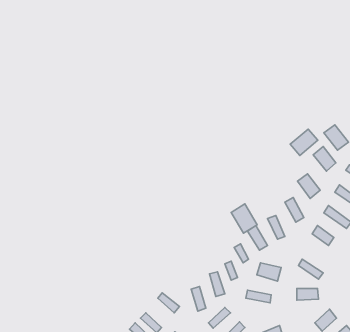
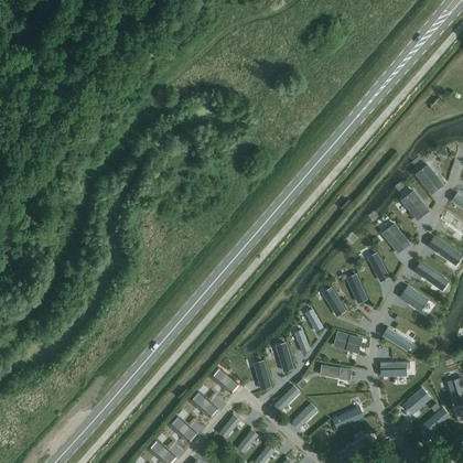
building: [290,129,318,155] -> none
building: [231,204,257,233] -> none

